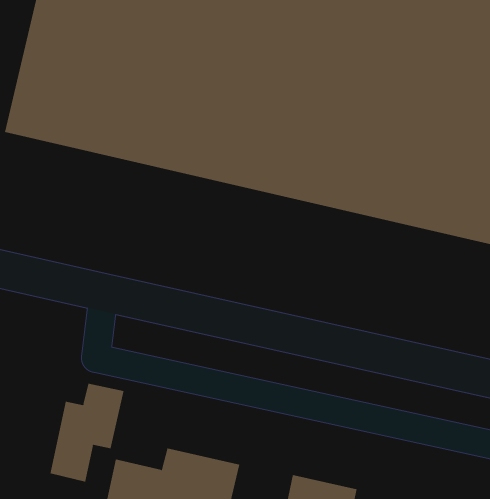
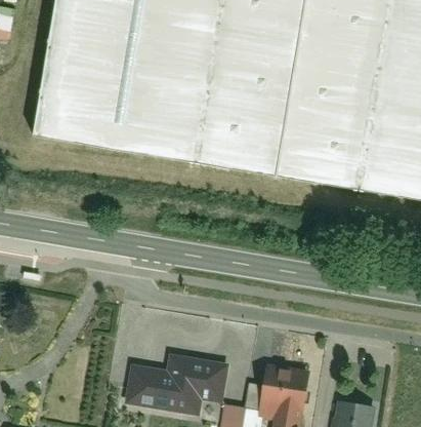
building: [50,383,124,482] -> none

